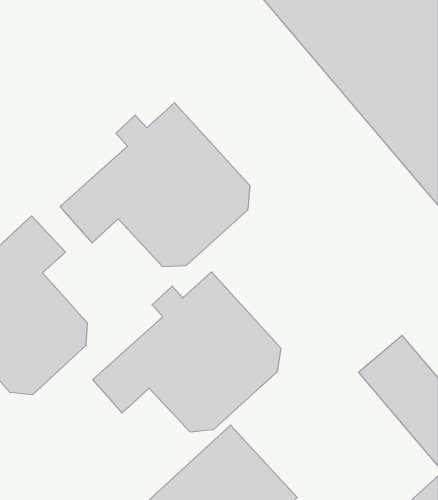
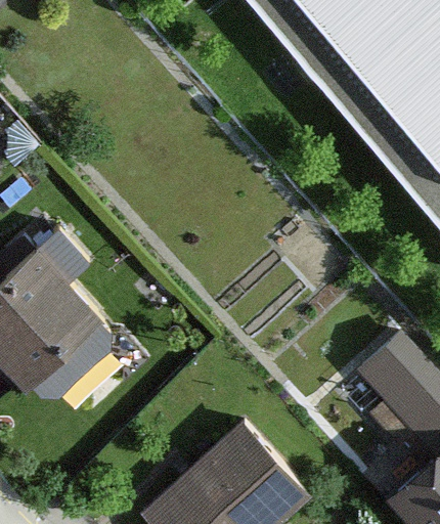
building: [60,103,250,267] -> none
building: [93,272,281,432] -> none

